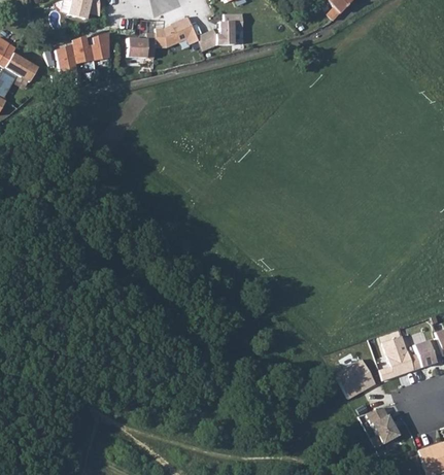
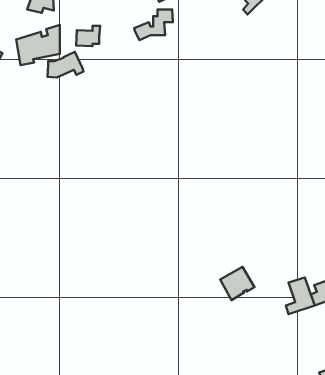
building: [155,15,198,46] -> [47,52,83,78]
building: [335,358,376,398] -> [220,267,254,300]
building: [366,406,399,446] -> none

